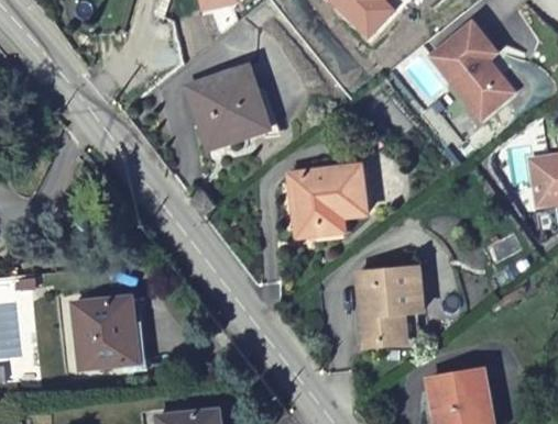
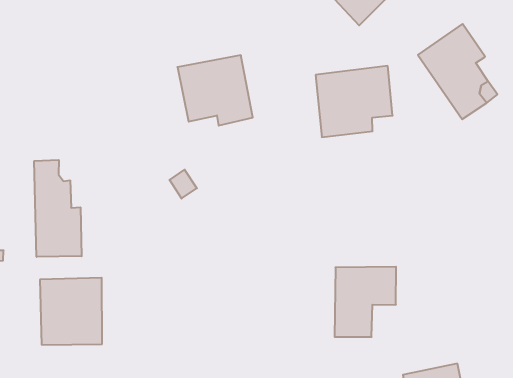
building: [297,160,375,234] -> [316,66,393,137]
building: none -> [34,160,82,257]

